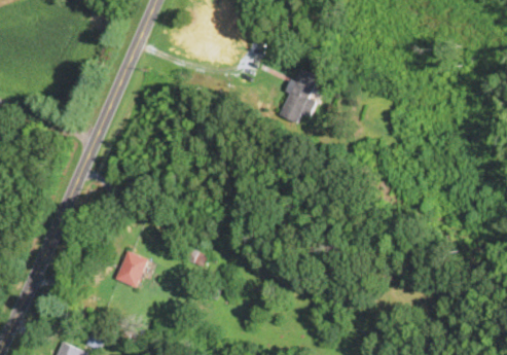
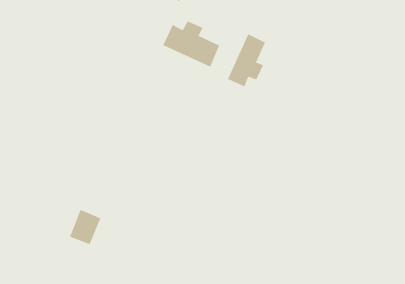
building: none -> [163,20,220,67]

